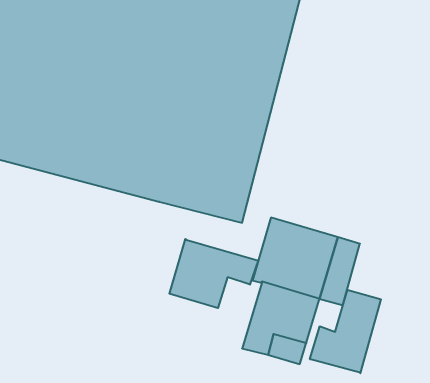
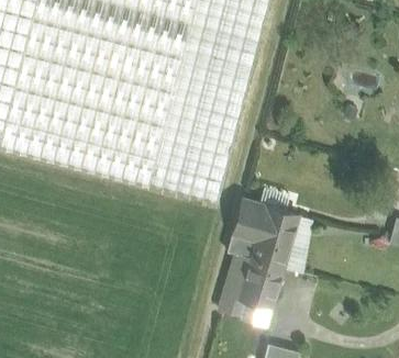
building: [169,239,258,308] -> none
building: [310,290,381,373] -> none

